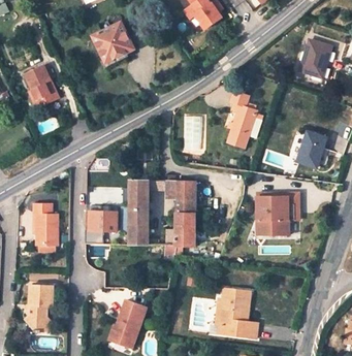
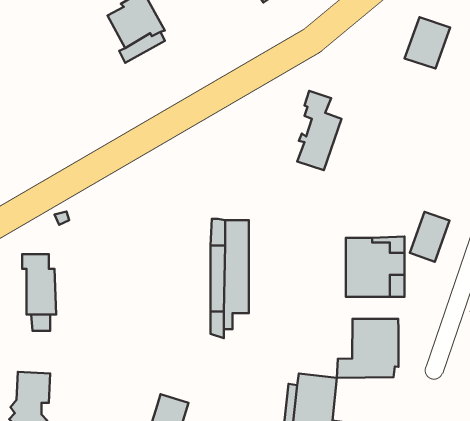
building: [24,64,58,107] -> none
building: [297,130,325,165] -> [410,212,450,262]
building: [130,179,148,245] -> none
building: [90,206,117,240] -> none
building: none -> [337,319,398,378]

